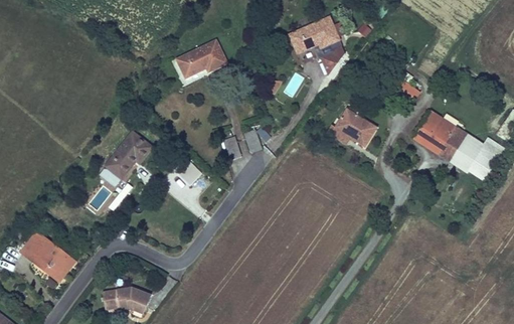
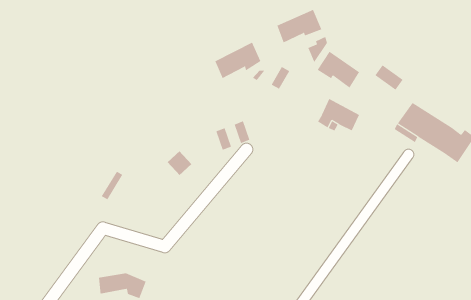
building: [176,39,224,77] -> [215,42,261,79]
building: none -> [317,51,360,88]
building: [106,130,152,176] -> none
building: [22,233,75,275] -> none

